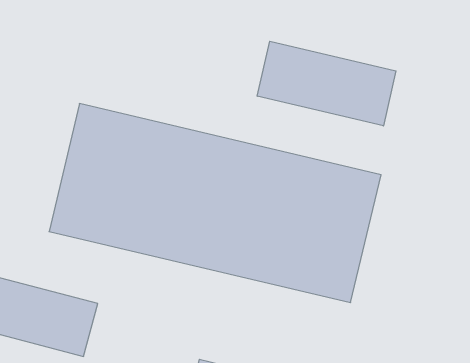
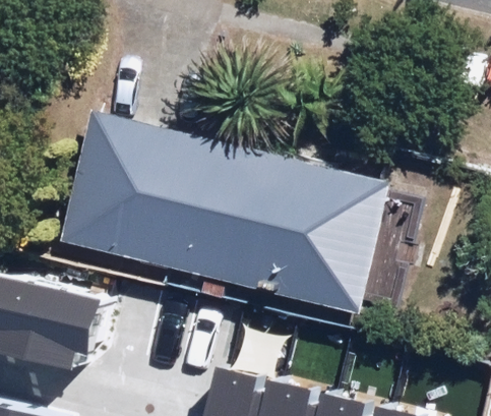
building: [257,41,396,126] -> none

